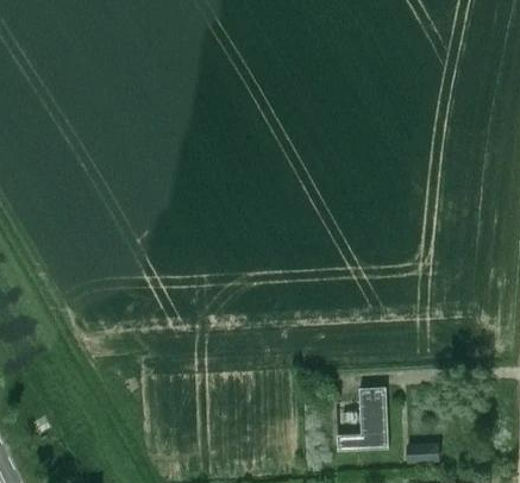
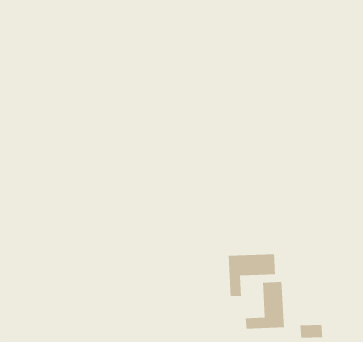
building: none -> [228,254,276,297]

